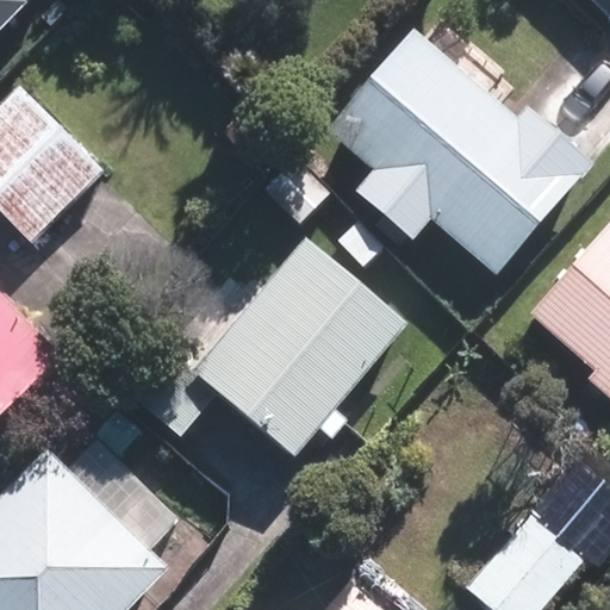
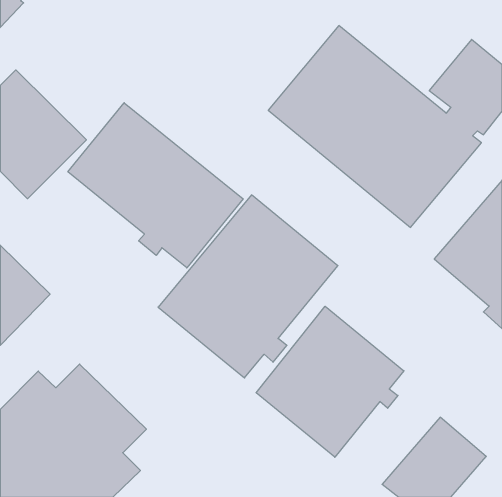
building: none -> [68,103,243,268]
building: none -> [256,306,404,457]

